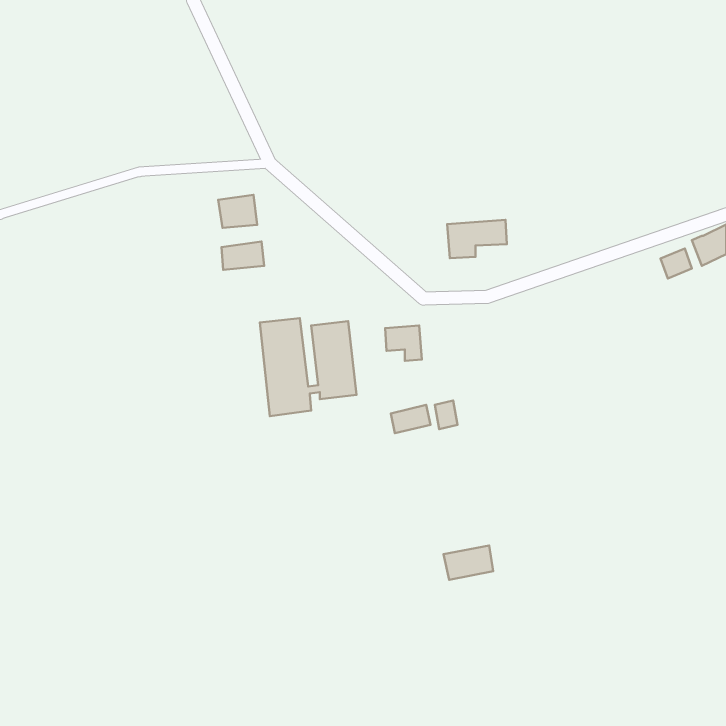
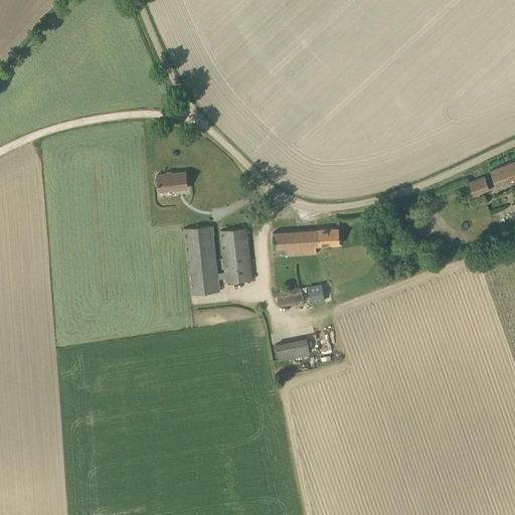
building: [218,195,257,228] -> none
building: [447,220,507,258] -> [297,227,339,254]
building: [444,546,493,580] -> [275,337,310,361]

